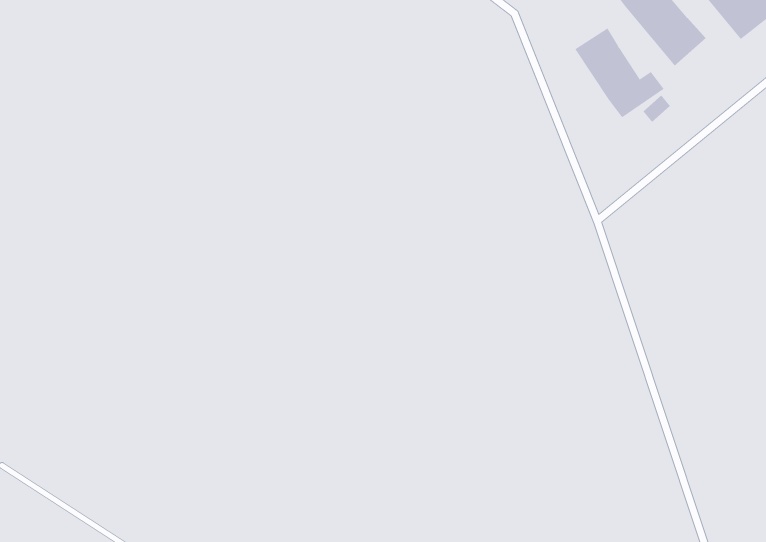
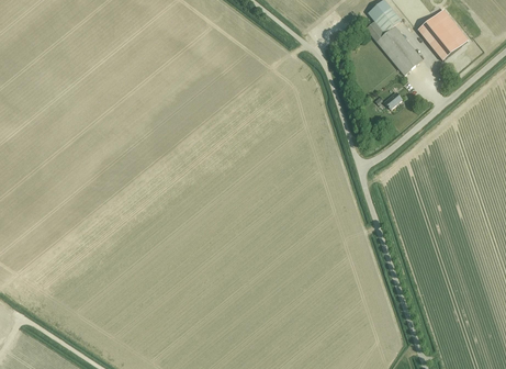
building: [575,28,665,118] -> none

